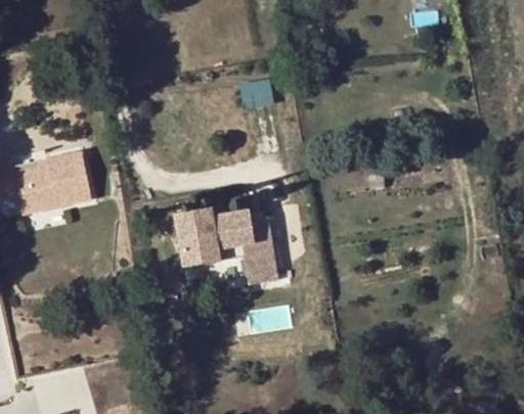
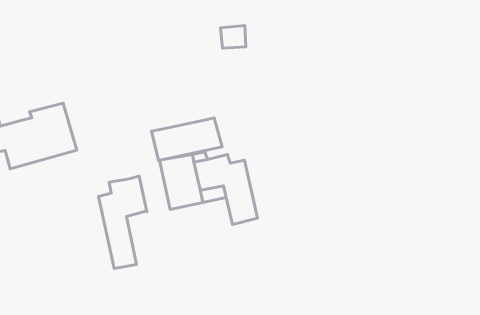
building: none -> [152,118,222,160]
building: none -> [99,176,147,268]

